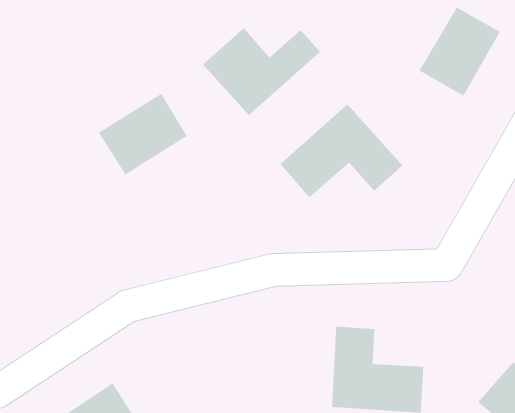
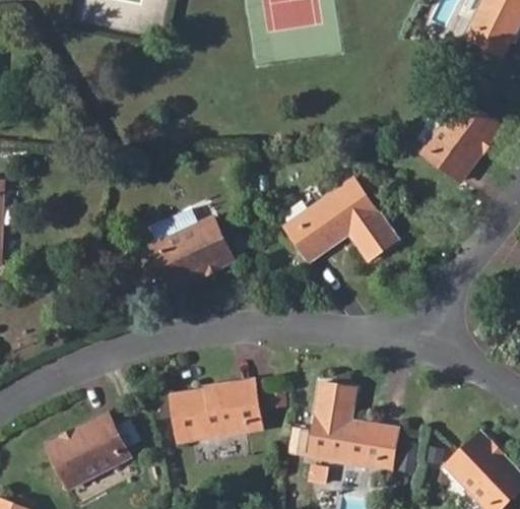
building: [202,27,321,116] -> none
building: [98,93,188,176] -> [149,218,233,292]
building: none -> [169,380,261,443]

